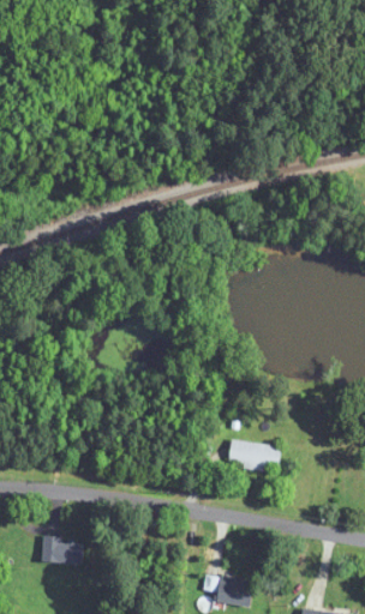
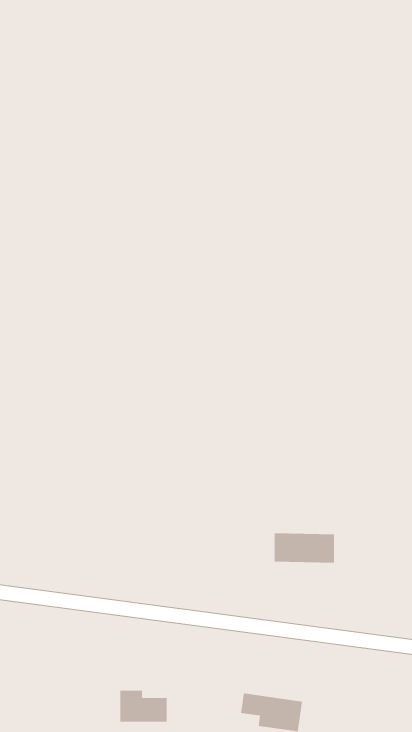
building: [43,536,83,562] -> [120,690,168,722]

